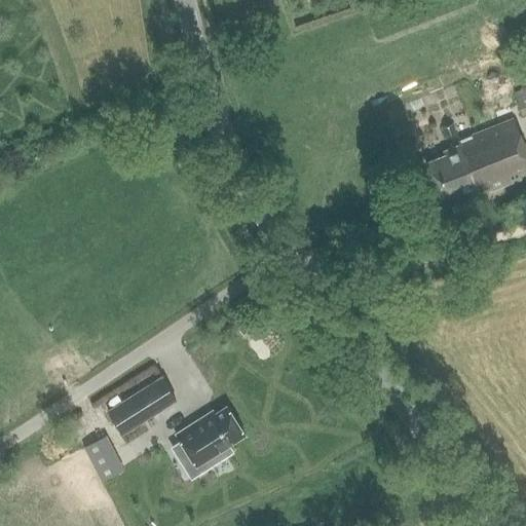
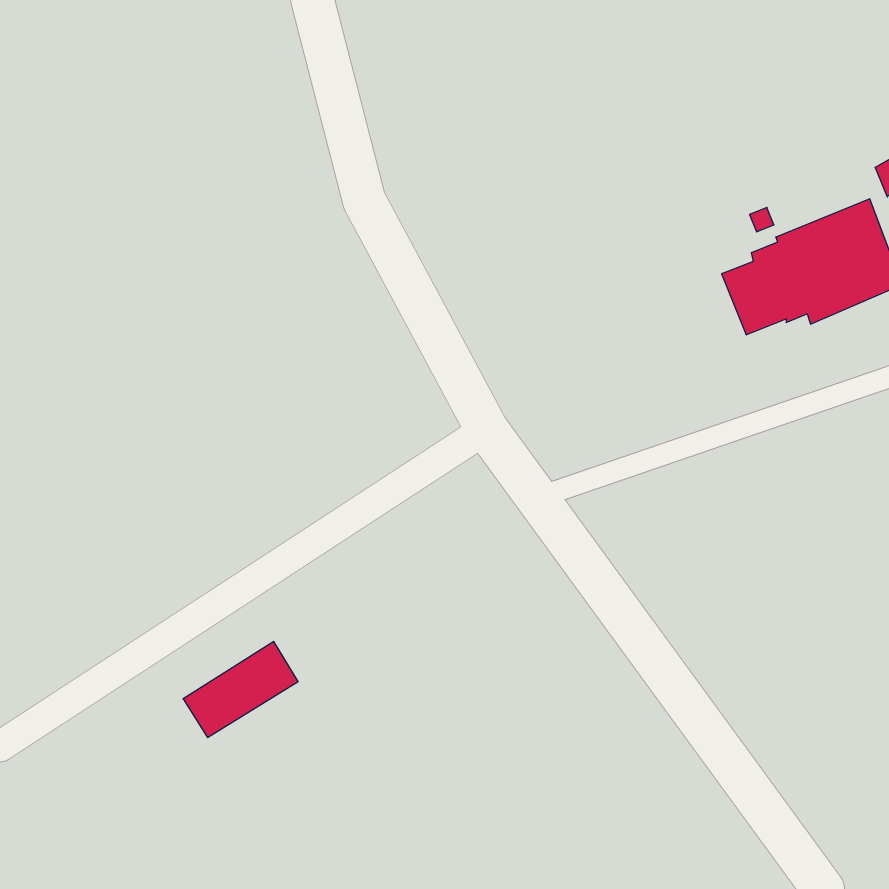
building: [178,407,245,471] -> none
building: [84,435,116,480] -> none

